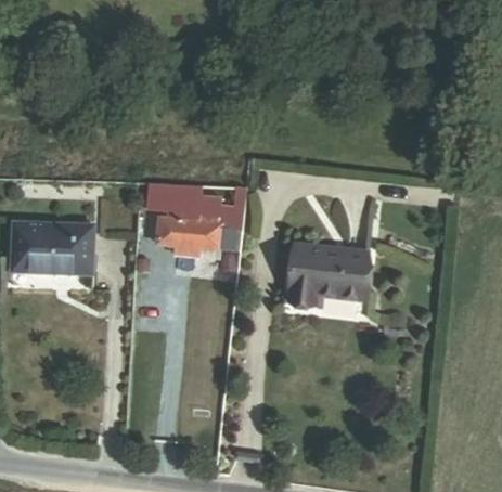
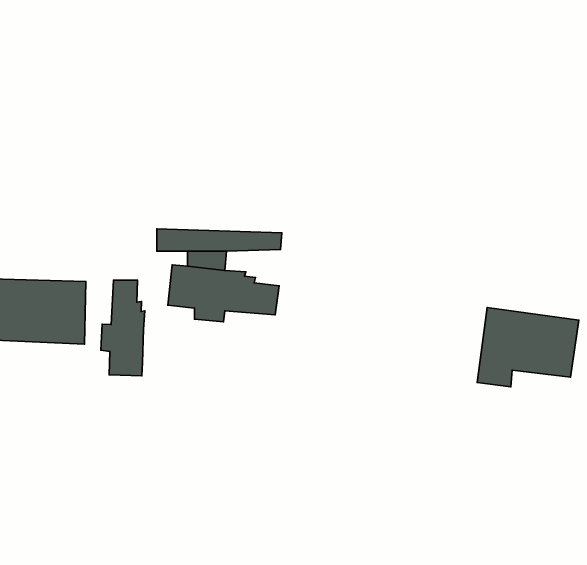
building: none -> [101,280,145,376]
building: [289,244,369,306] -> [477,308,579,387]

